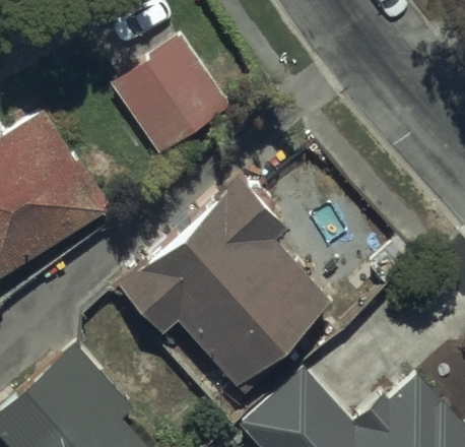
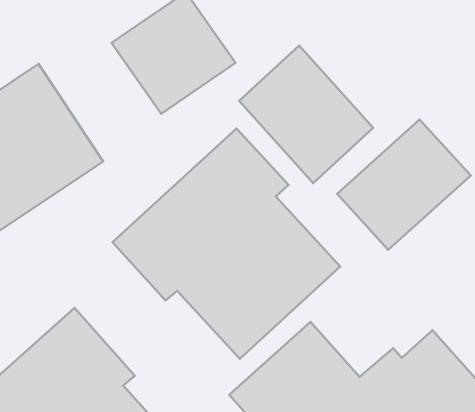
building: none -> [239,46,373,183]
building: none -> [337,119,471,250]

